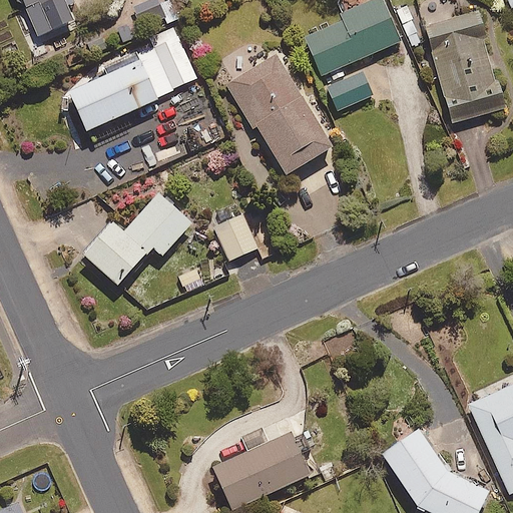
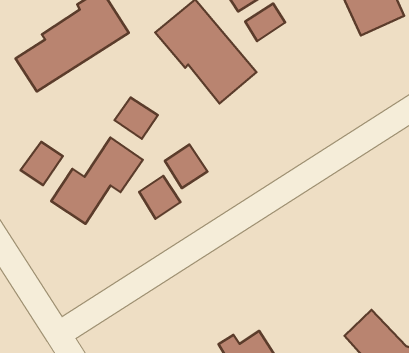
building: none -> [114,97,158,139]
building: none -> [21,142,63,185]
building: none -> [139,176,180,219]

